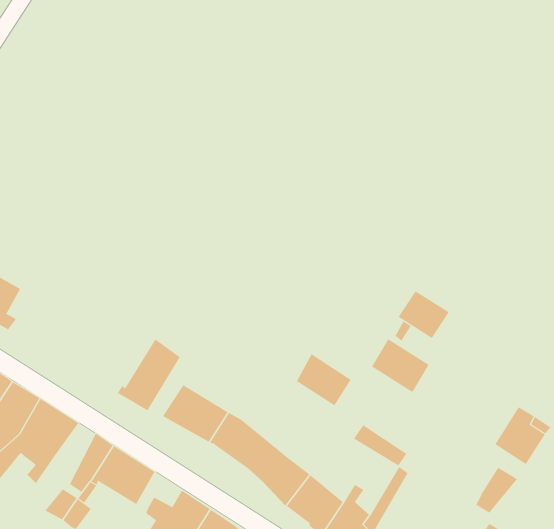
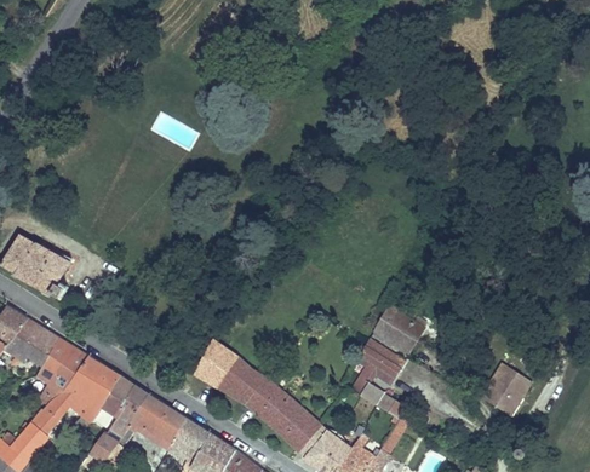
building: [398,290,450,339] -> none
building: [117,338,181,411] -> none
building: [296,353,351,406] -> [356,336,405,382]
building: none -> [97,378,133,419]
building: [476,467,518,514] -> none
building: none -> [170,420,208,453]

